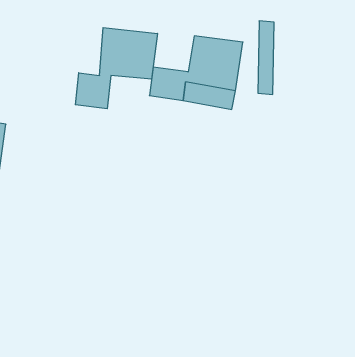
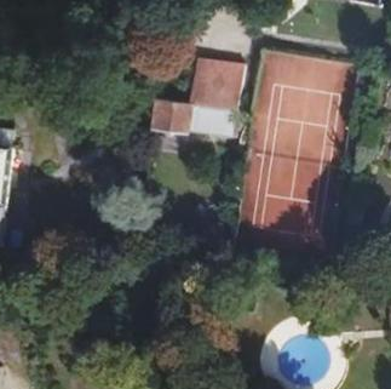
building: [75,28,157,109] -> none

